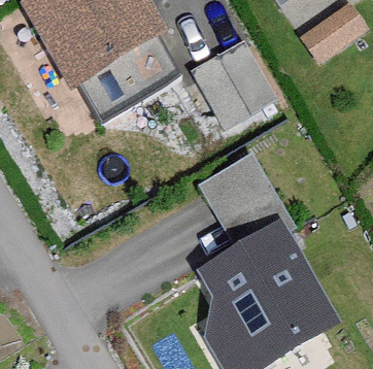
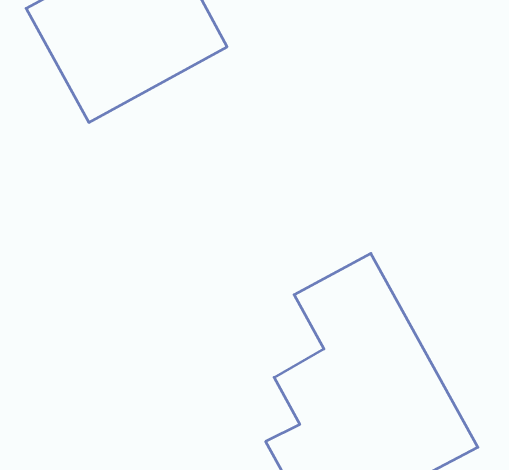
building: [185,28,272,118] -> none

